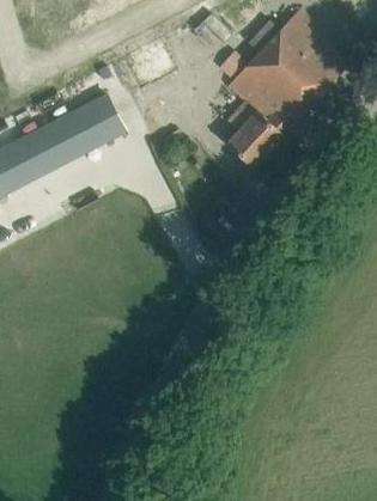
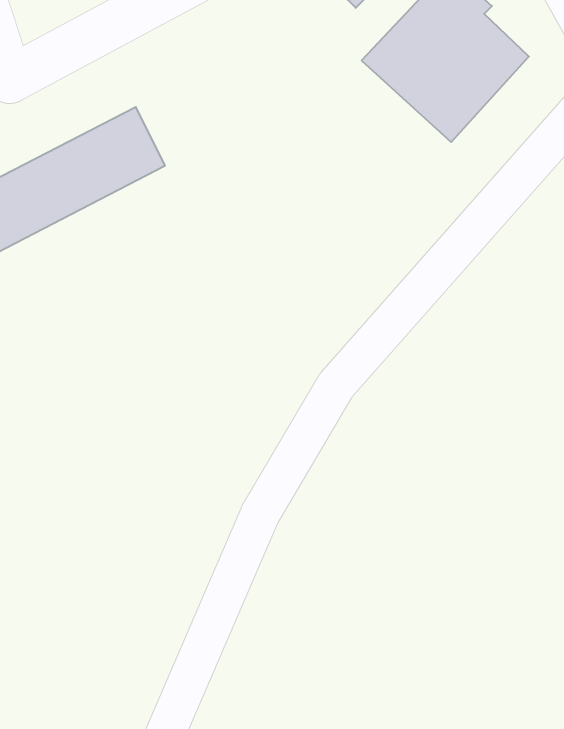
building: [226,67,299,167] -> none

